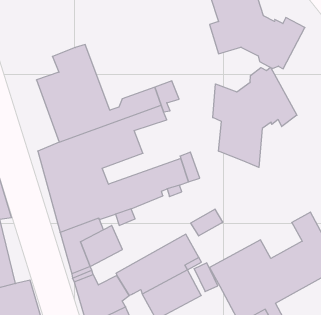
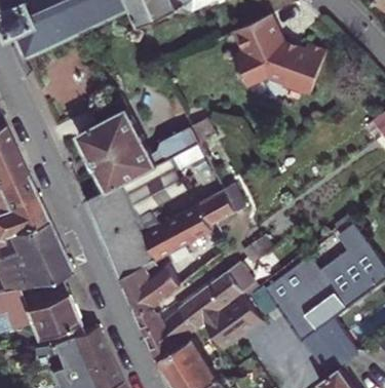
building: [213,67,297,167] -> none

